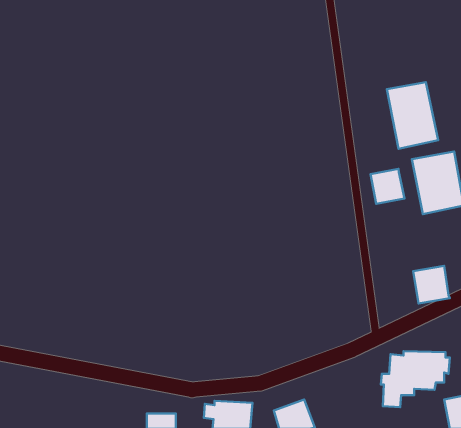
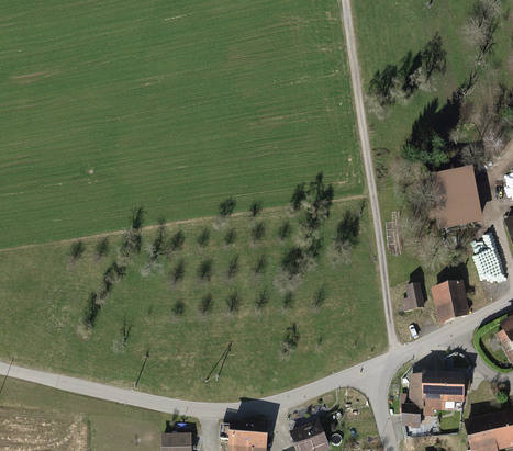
building: [387,82,438,149] -> none
building: [370,169,404,204] -> none
building: none -> [400,284,424,313]

